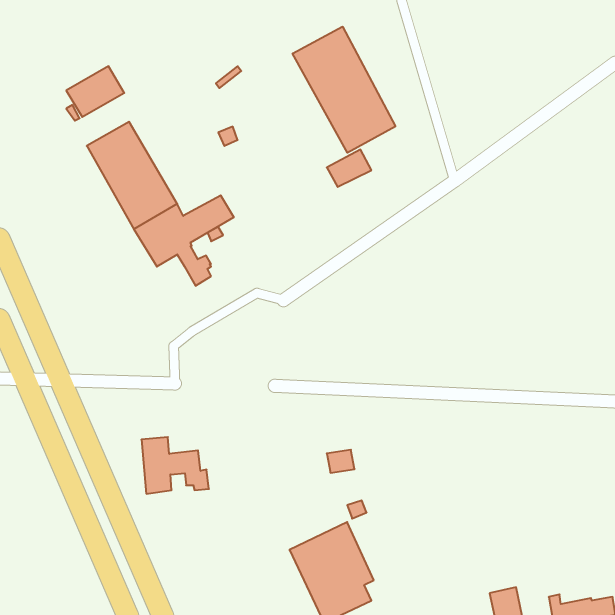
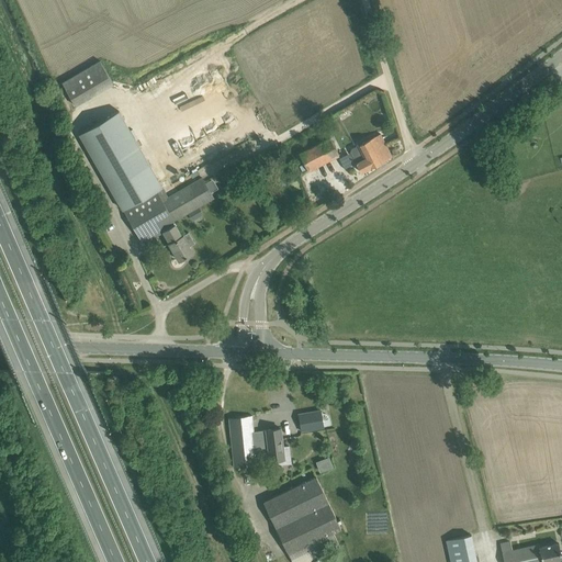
building: [293,27,395,153] -> none
building: none -> [349,135,391,173]
building: [141,437,209,494] -> [228,417,290,469]

